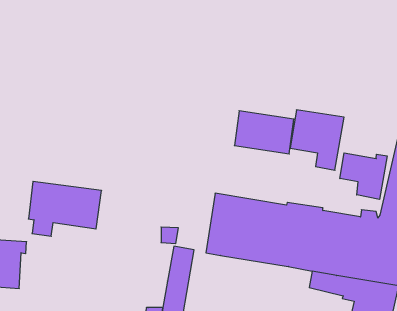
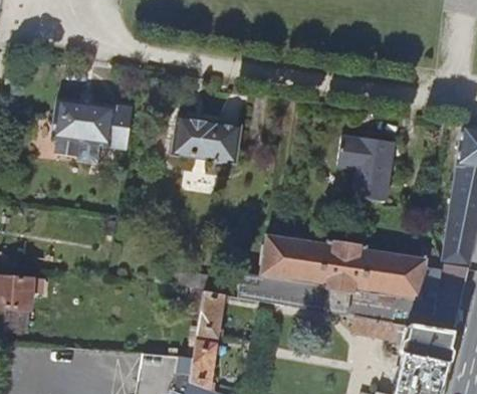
building: [234,111,294,154] -> [171,119,236,166]
building: [340,153,387,199] -> none
building: [28,181,102,236] -> [51,100,132,160]

